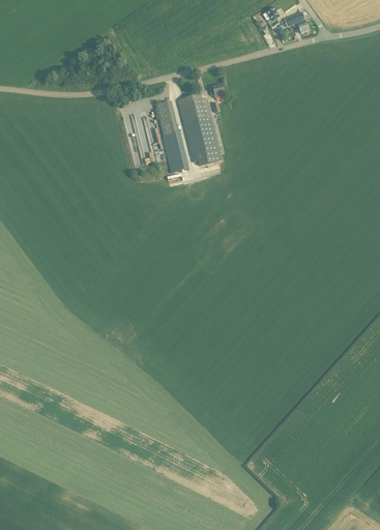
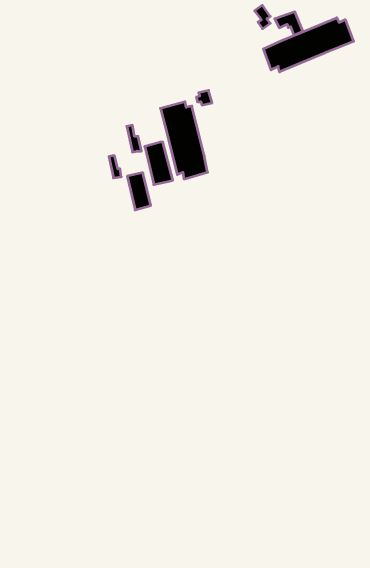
building: none -> [263,18,354,72]
building: [154,101,176,136] -> [127,173,151,210]

